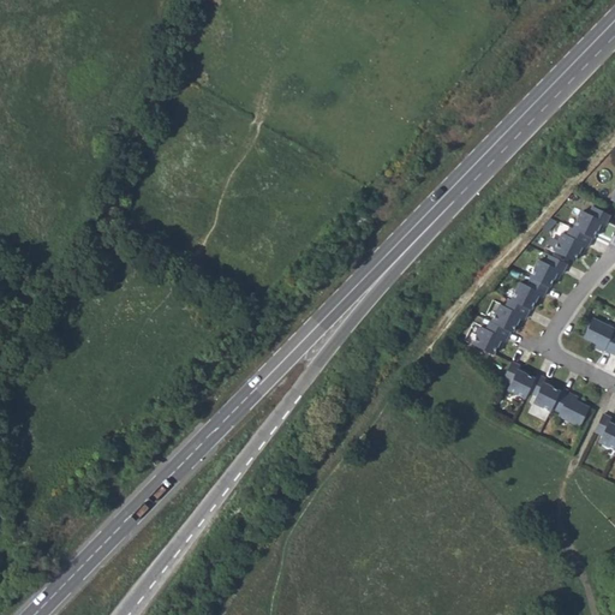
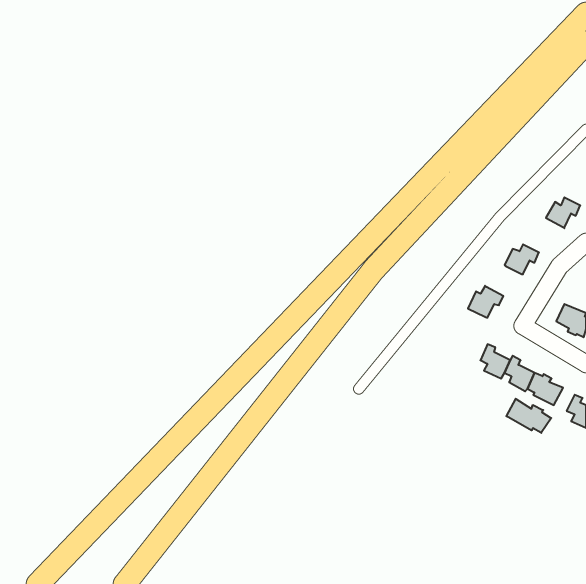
building: [553,228,590,261] -> none
building: [509,279,547,310] -> none
building: [471,322,508,356] -> none
building: none -> [506,399,551,433]

